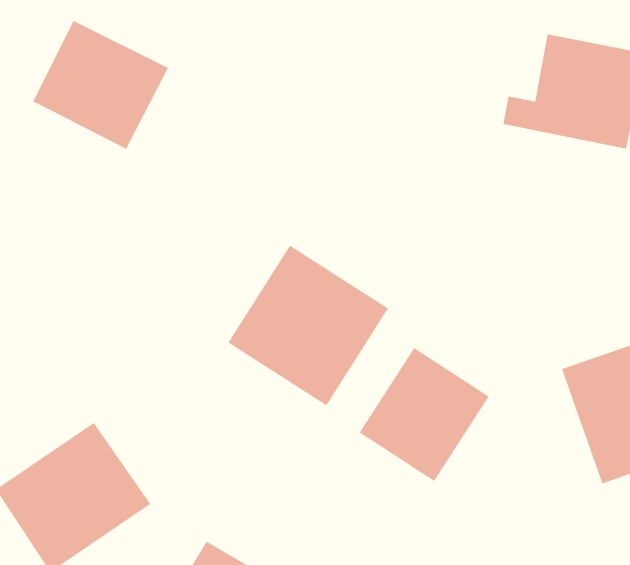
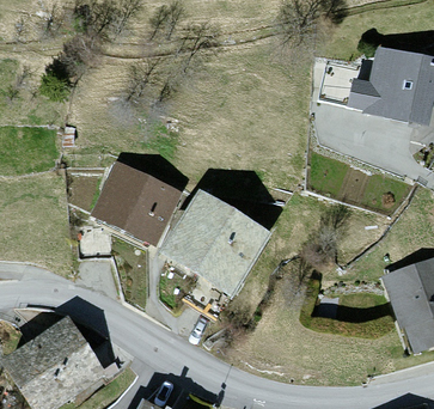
building: [32,20,169,149] -> [90,161,182,249]
building: [359,347,489,482] -> none

